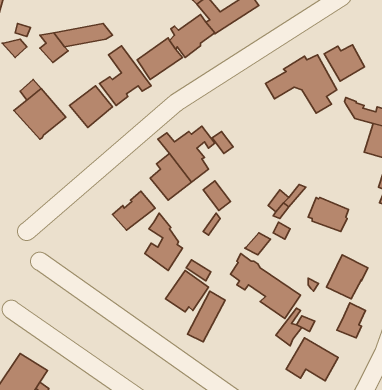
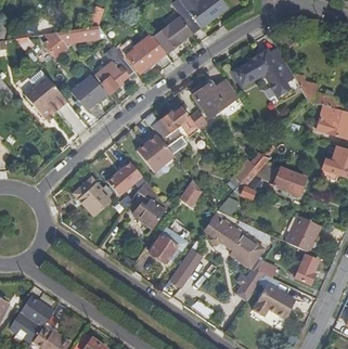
building: [324,45,364,81] -> none
building: none -> [193,82,237,118]
building: none -> [74,179,115,217]

